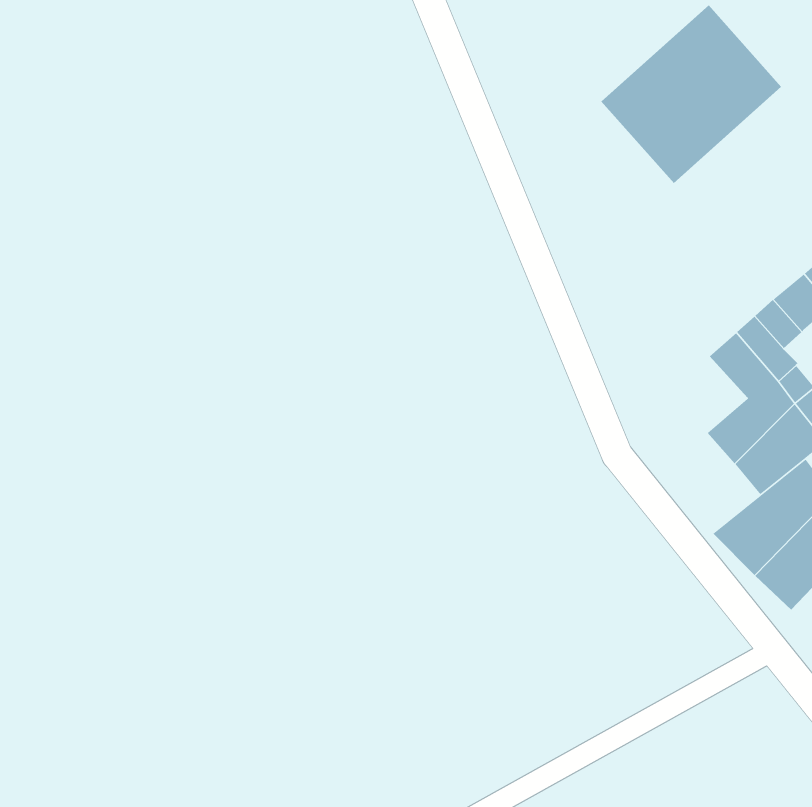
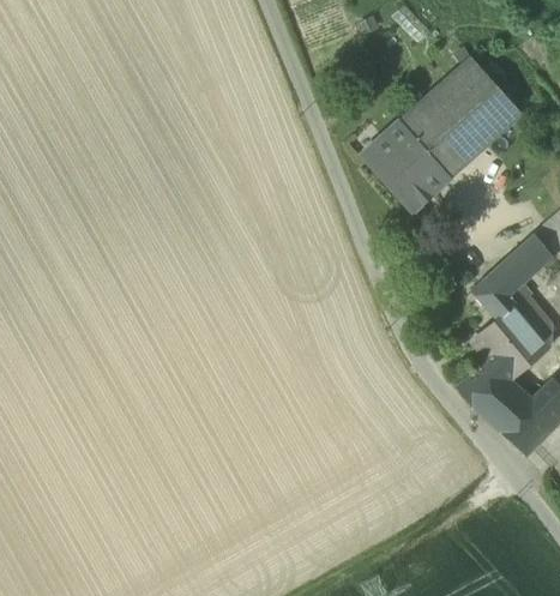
building: none -> [365,122,451,210]
building: none -> [458,361,506,407]

